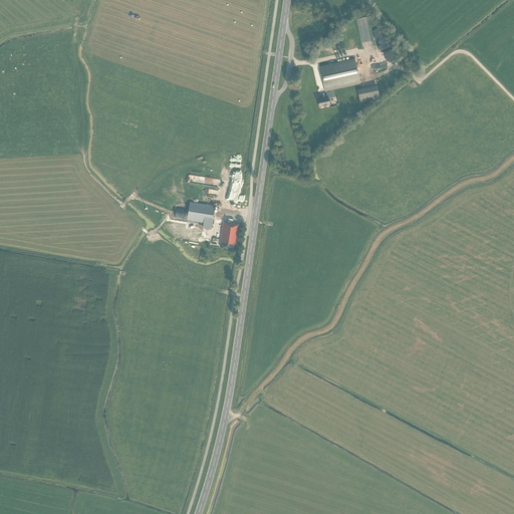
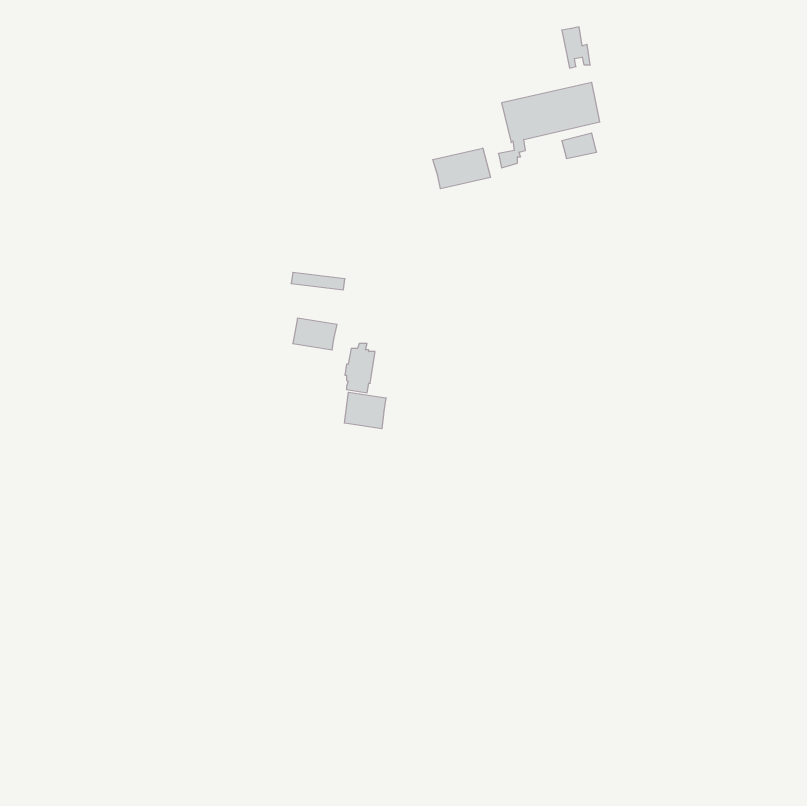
building: none -> [433,148,490,189]
building: none -> [344,392,386,429]

